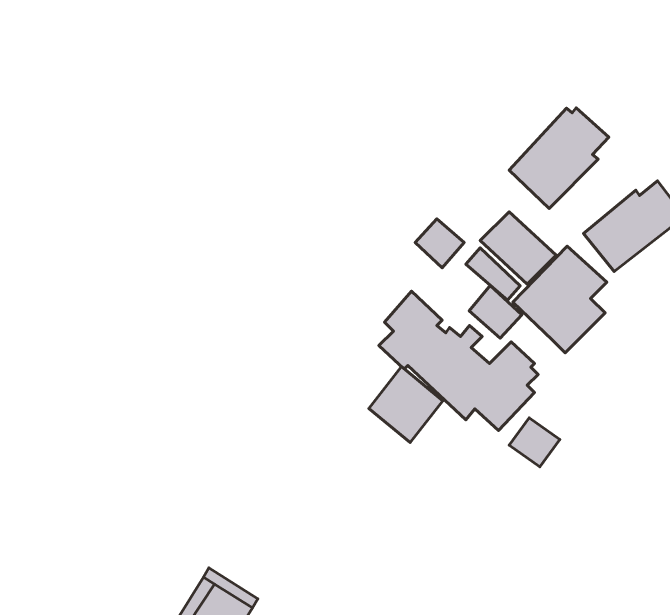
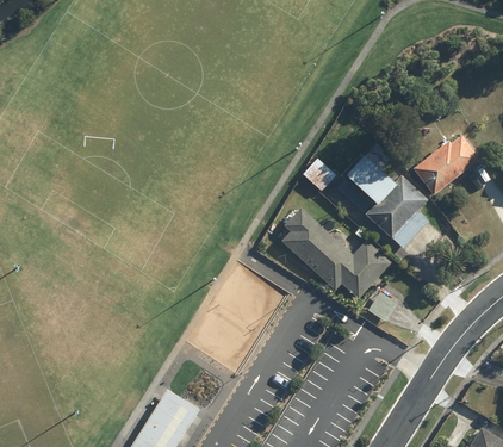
building: [509,108,609,209] -> none
building: [469,285,522,338] -> none
building: [369,367,443,443] -> none

